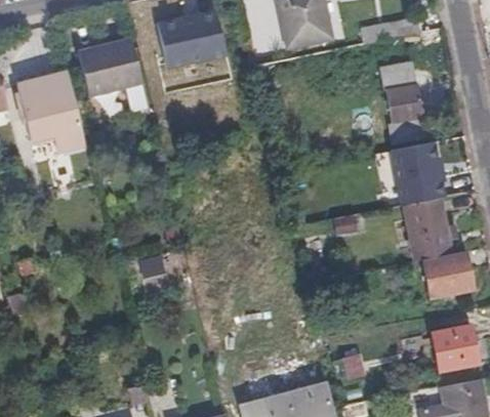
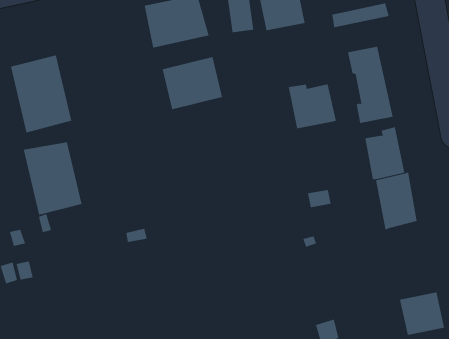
building: [80,39,145,95] -> [162,57,223,110]
building: none -> [288,83,336,129]
building: none -> [23,142,82,216]
building: [421,248,472,292] -> none

